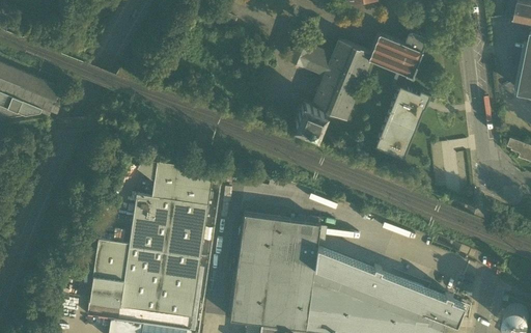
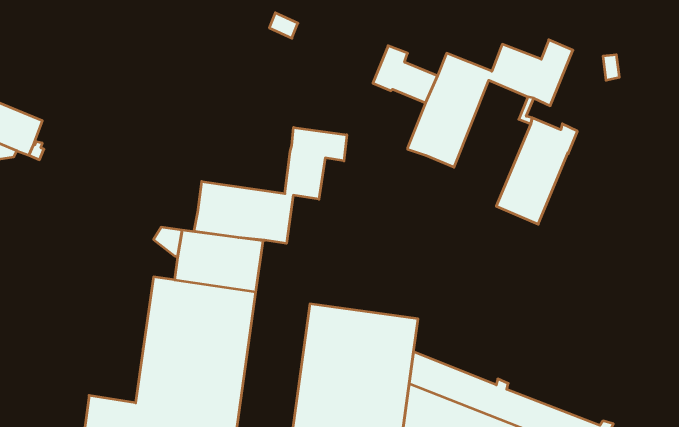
building: none -> [194,127,347,243]
building: [295,102,326,133] -> none
building: [93,241,131,282] -> none

